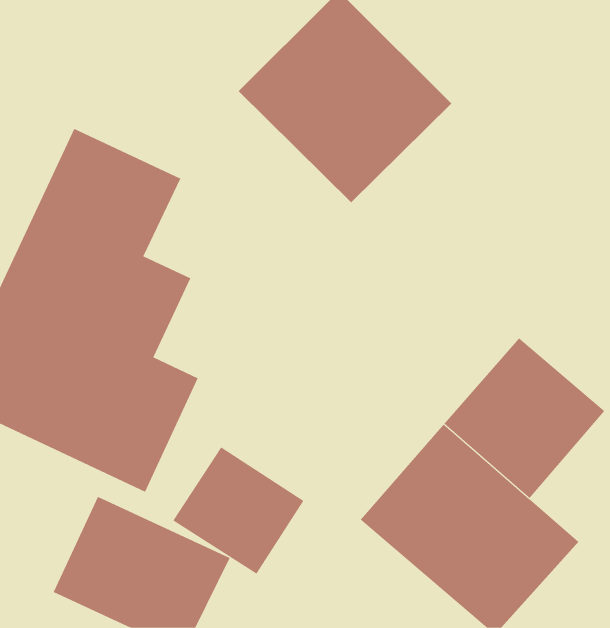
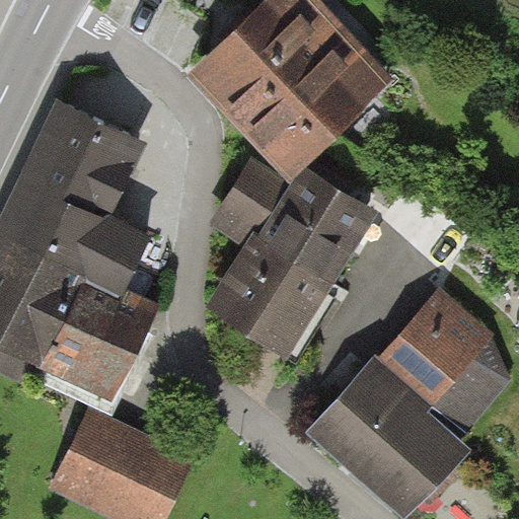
building: none -> [206,157,383,358]
building: [173,446,304,575] -> none

